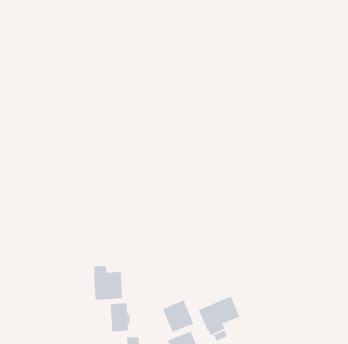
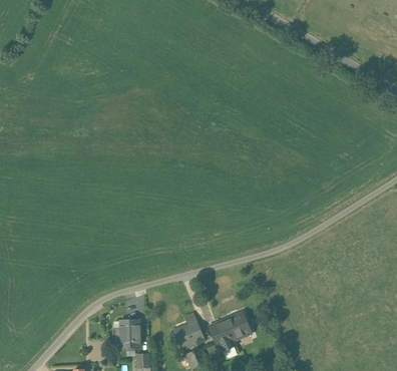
building: [94,265,122,300] -> none

